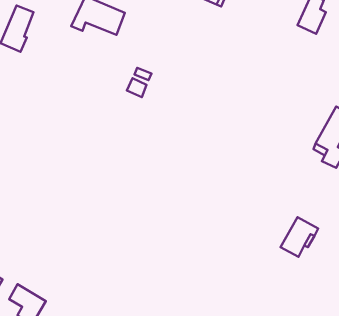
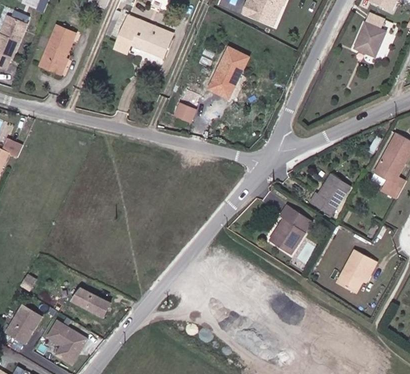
building: none -> [209,47,249,97]
building: none -> [312,174,349,212]
building: none -> [269,204,313,254]
building: none -> [73,287,110,315]

